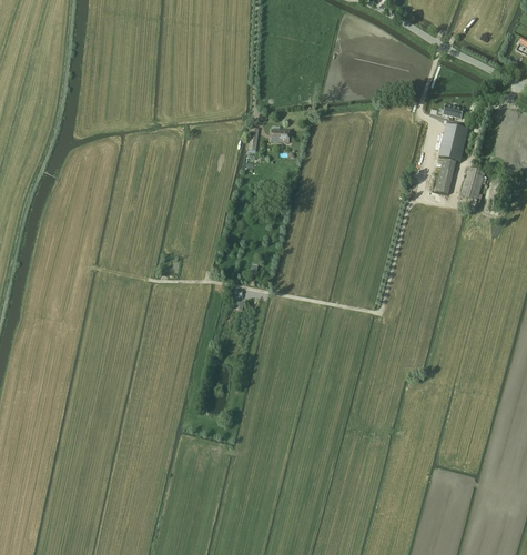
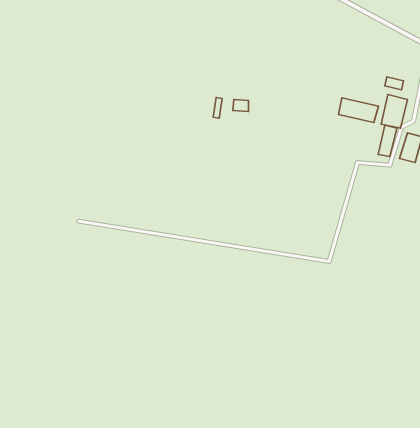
building: none -> [338,98,379,123]

